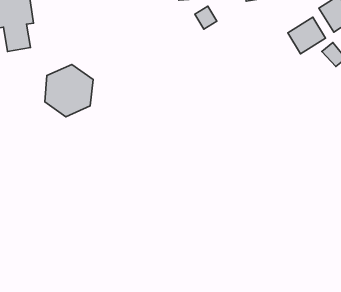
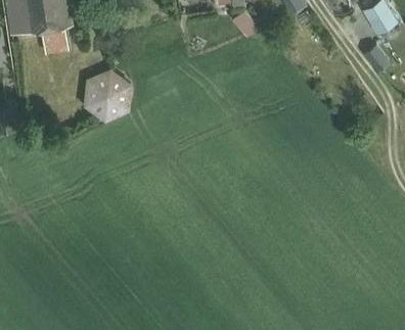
building: [288,17,326,54] -> none

